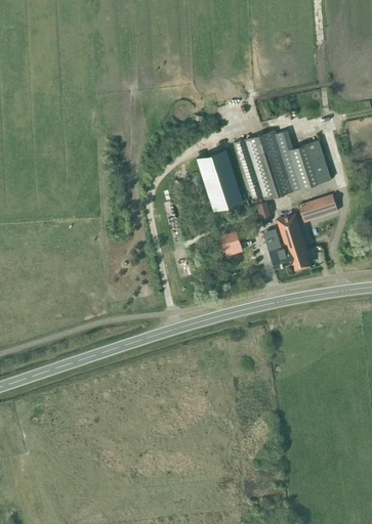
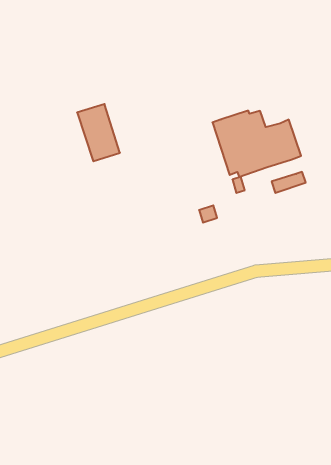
building: [197,150,243,212] -> [77,104,120,161]
building: [264,216,311,272] -> none

